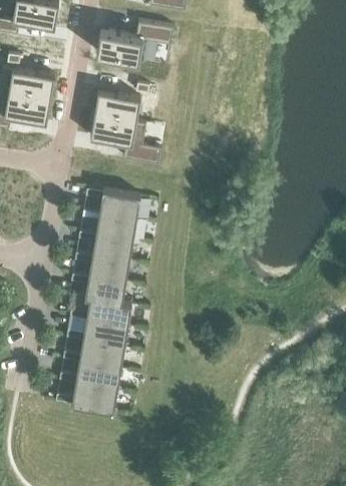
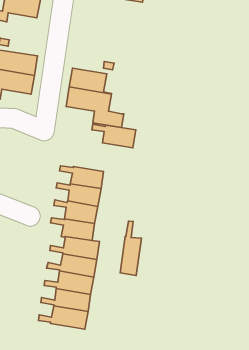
building: [95,19,172,60] -> none
building: [85,187,139,216] -> [92,124,136,148]
building: none -> [120,221,141,275]

